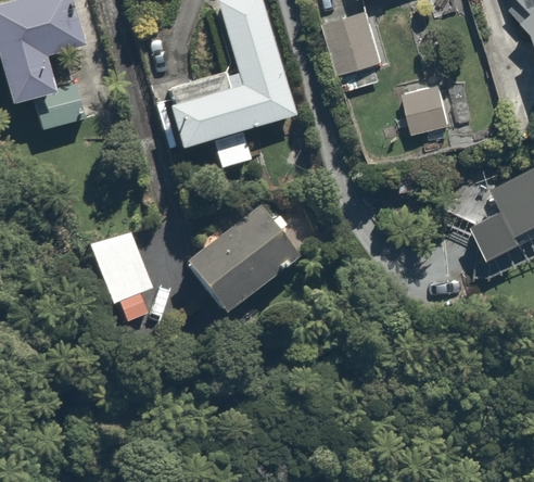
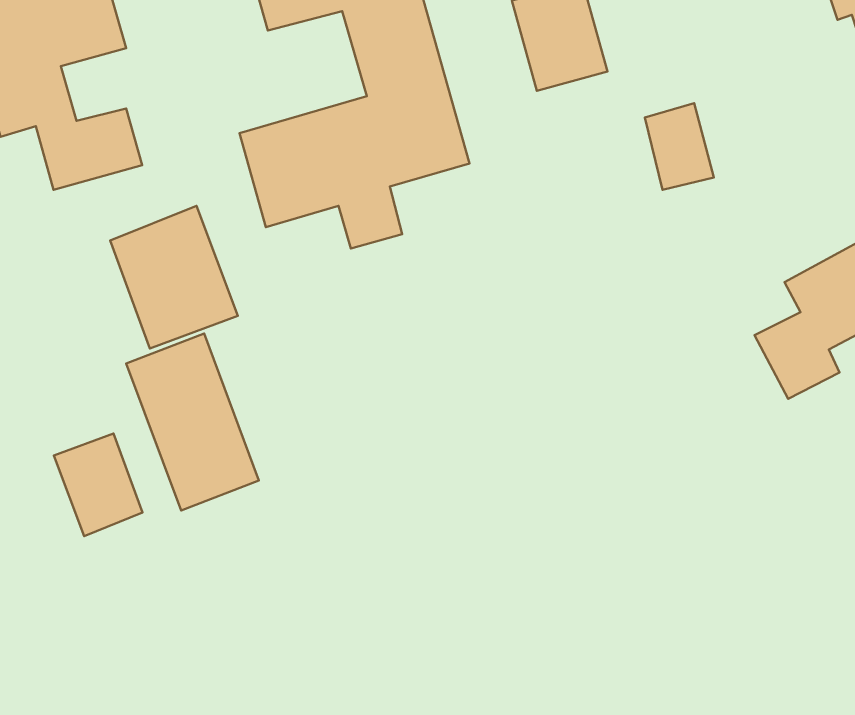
building: none -> [110,206,238,349]
building: [185,206,300,314] -> none
building: none -> [54,433,143,536]

